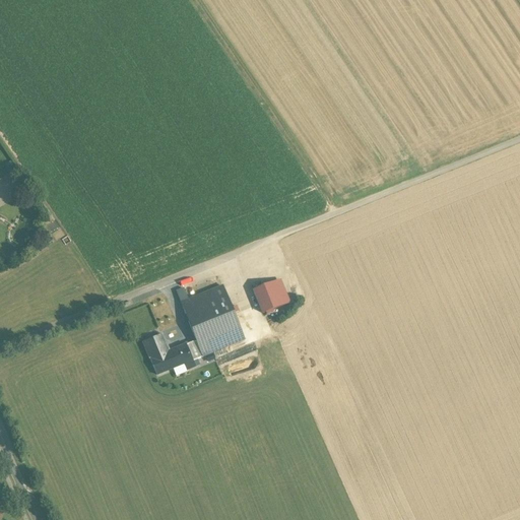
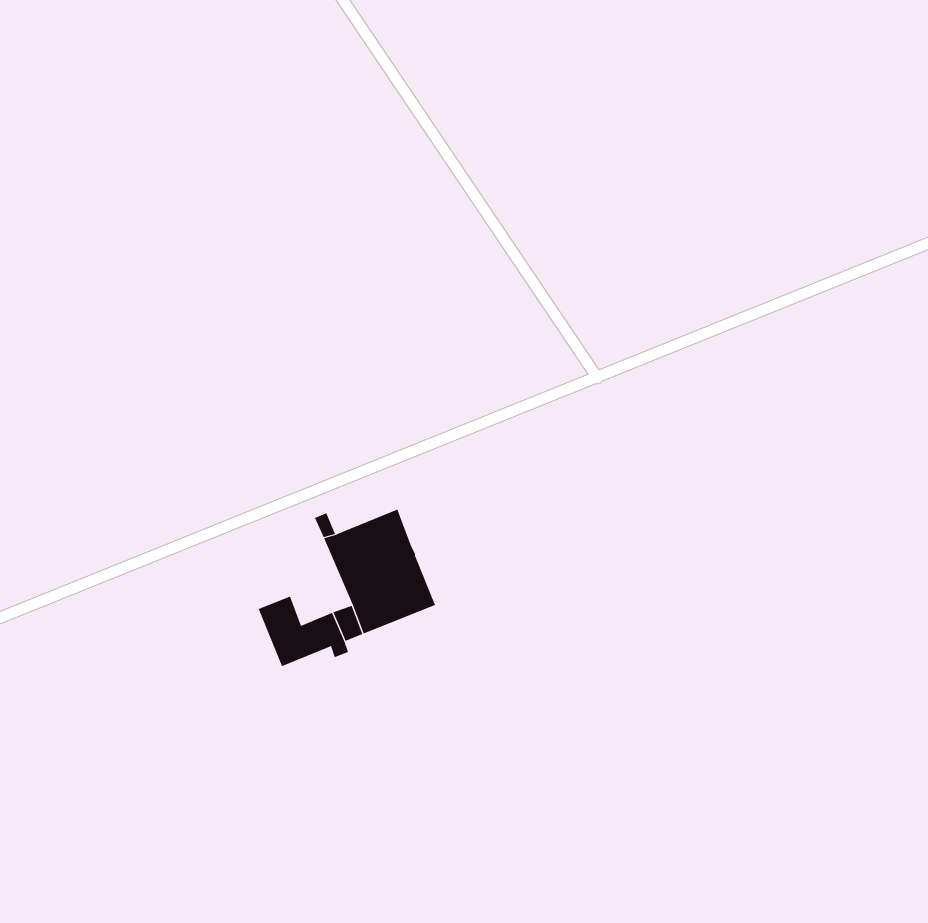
building: [254,278,287,311] -> none

